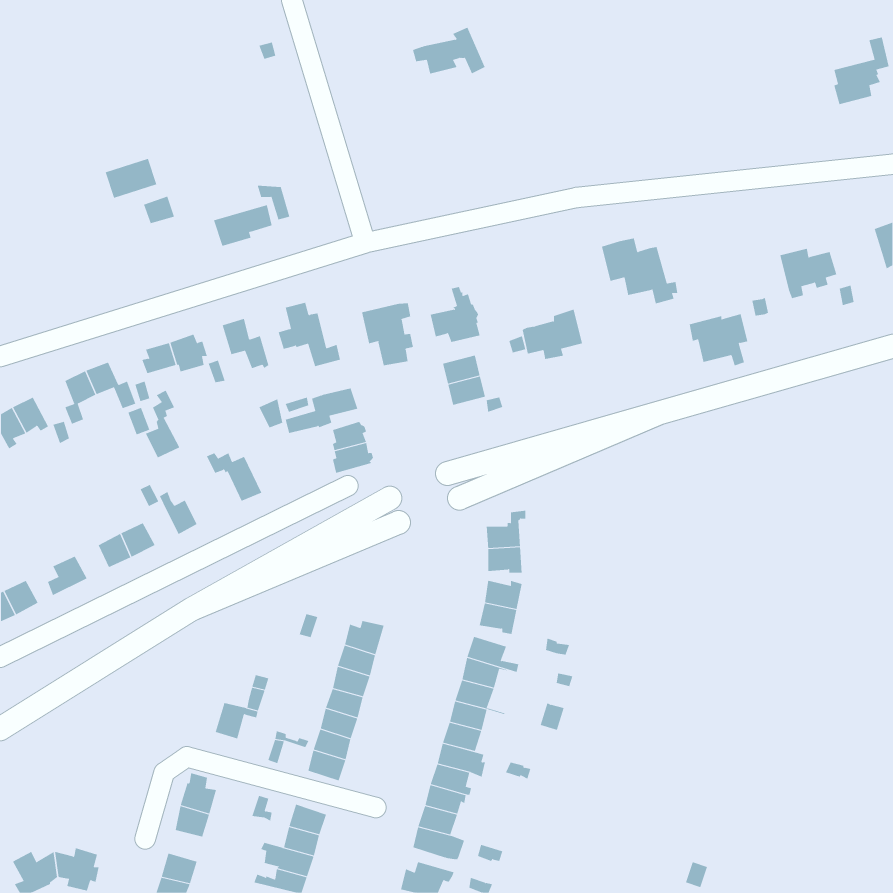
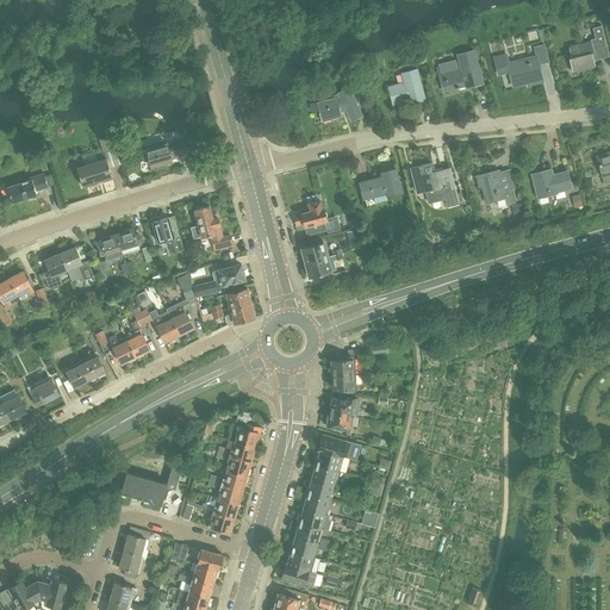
building: [412,27,485,74] -> [310,88,360,120]
building: none -> [493,44,548,87]
building: none -> [437,50,483,89]
building: none -> [388,69,425,105]
building: [105,158,157,198] -> [75,158,111,186]
building: none -> [6,174,48,203]
building: [361,303,413,366] -> none
building: [522,309,583,359] -> [359,168,400,203]
building: [689,314,748,366] -> [475,168,516,204]
building: [145,390,180,458] -> [126,311,150,357]
building: none -> [166,298,193,336]
building: none -> [122,471,152,499]

